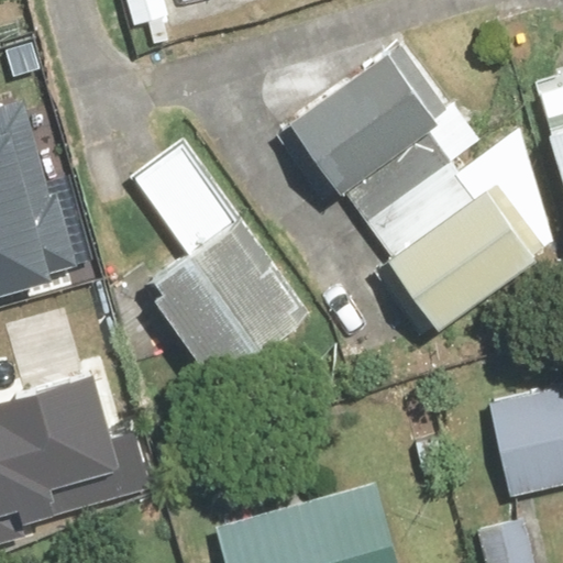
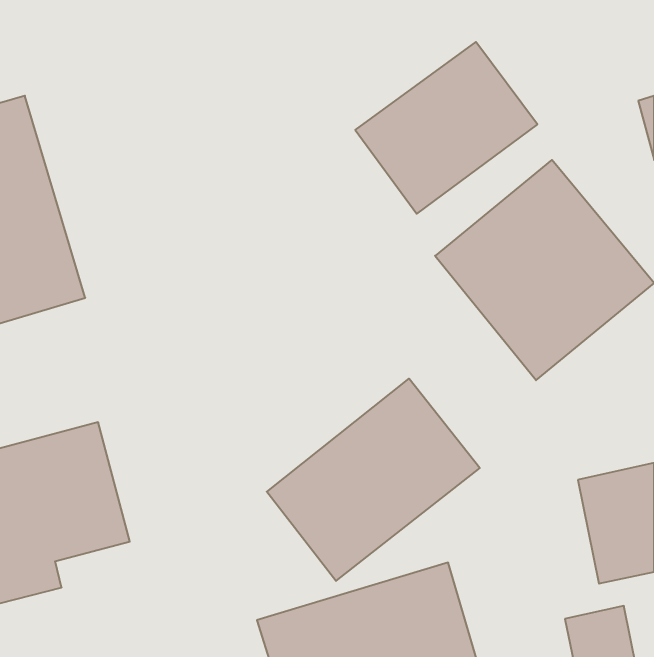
building: [129,144,320,390] -> none
building: none -> [267,379,480,581]

